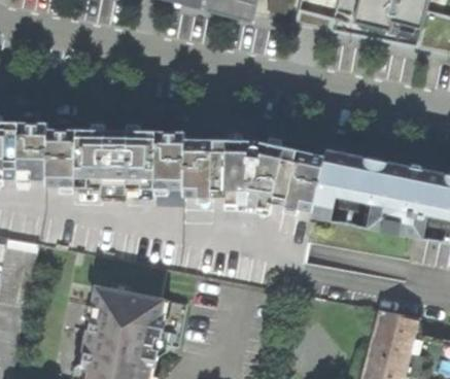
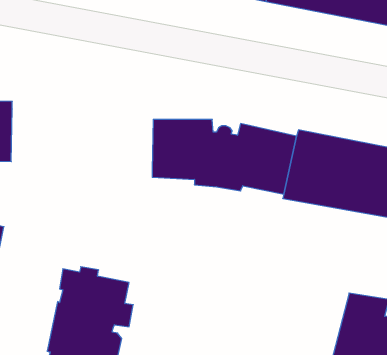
building: [46,129,186,194] -> none

